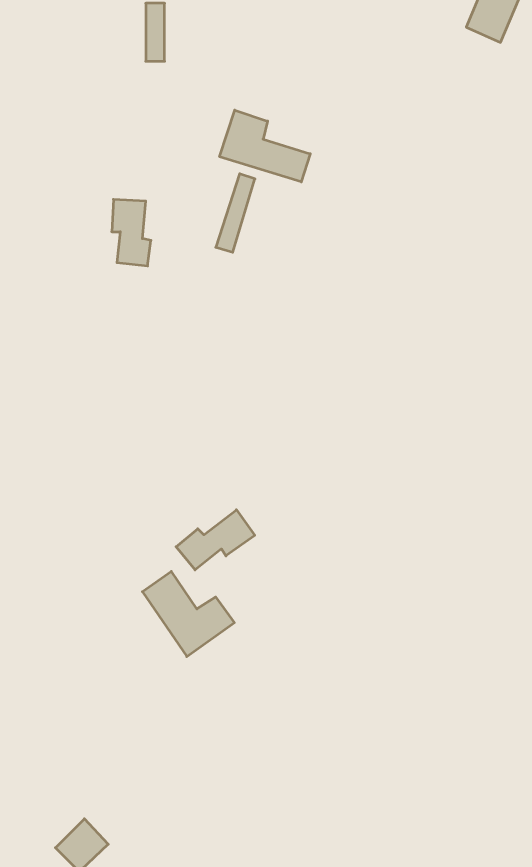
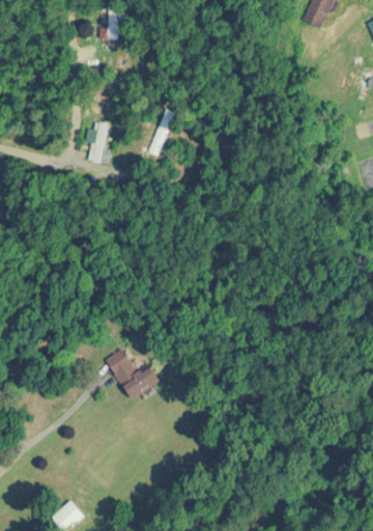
building: [220,110,310,182] -> none
building: [176,510,255,570] -> none

